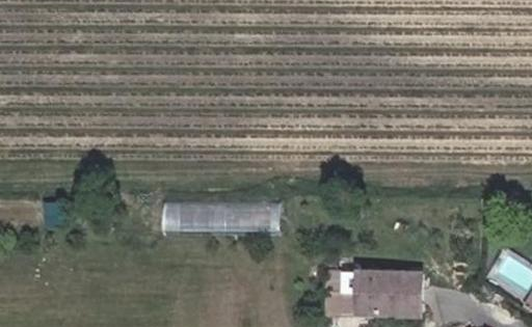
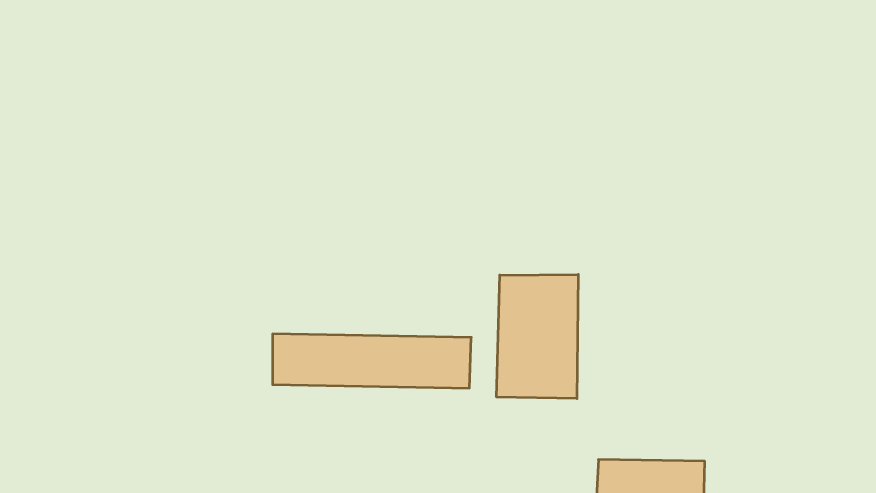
building: none -> [497,274,578,399]

